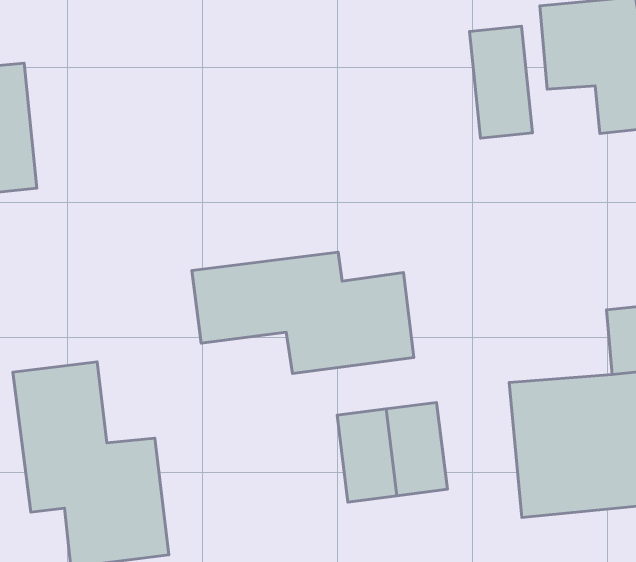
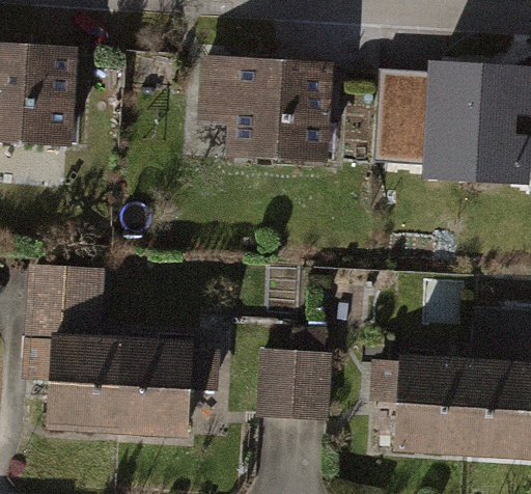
building: none -> [201,65,333,170]
building: [192,252,414,373] -> none
building: none -> [123,341,216,430]

